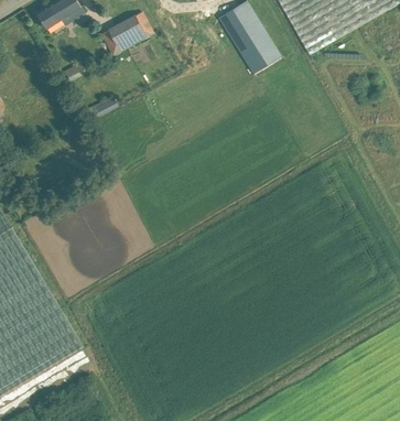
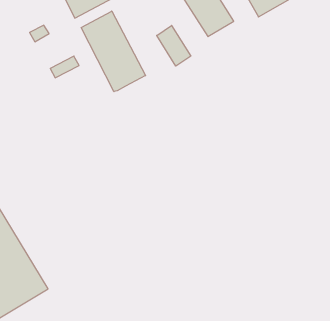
building: none -> [81,11,146,92]
building: none -> [157,25,191,66]

